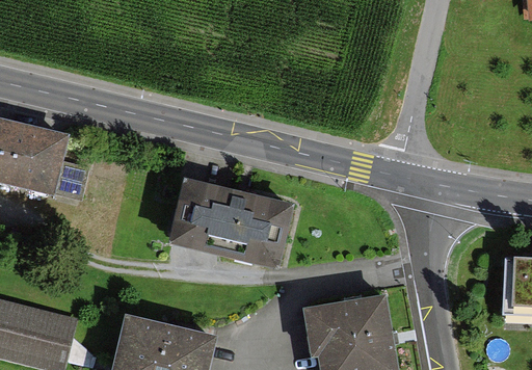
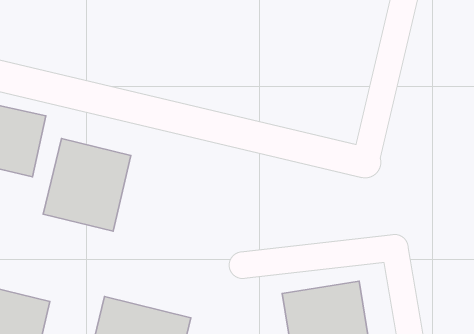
building: none -> [43,138,131,231]
building: [171,176,293,262] -> none

